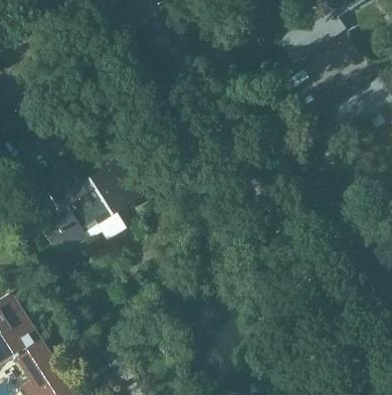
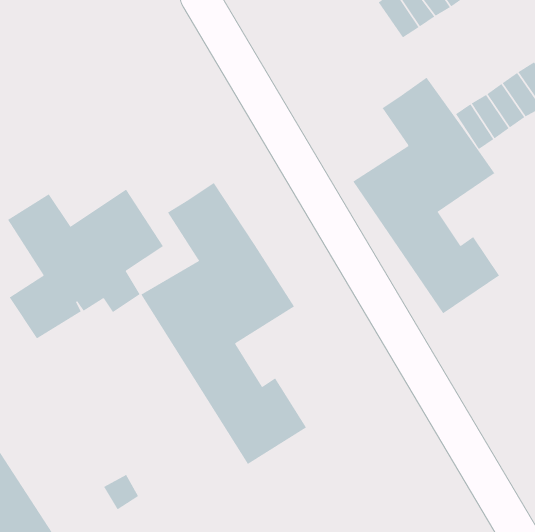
building: none -> [353,77,500,314]
building: none -> [141,182,307,465]

